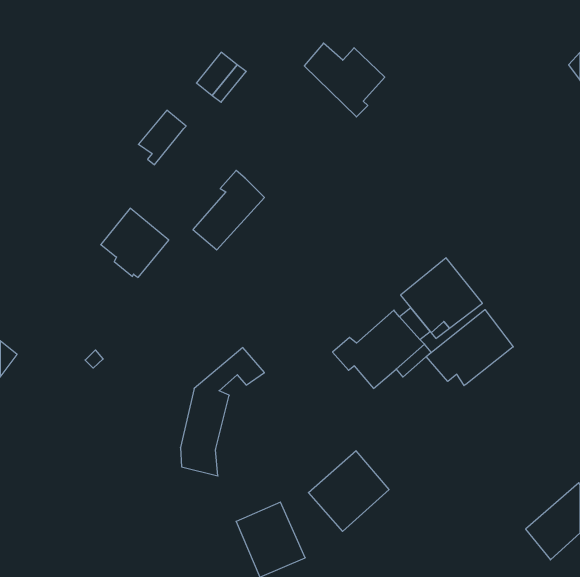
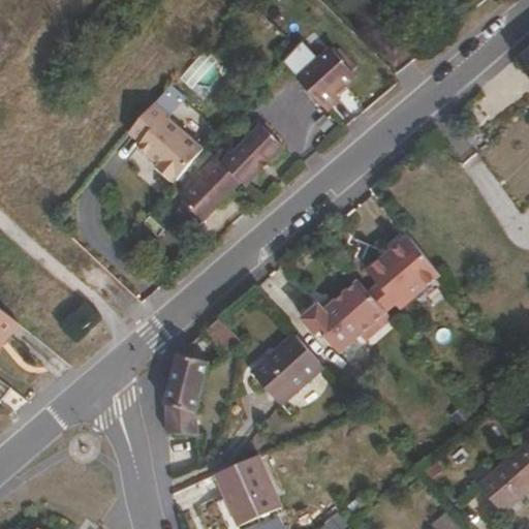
building: none -> [223,121,284,184]
building: [101,208,169,277] -> [141,117,203,180]
building: [426,310,513,386] -> none
building: [308,451,389,531] -> [251,332,324,405]

